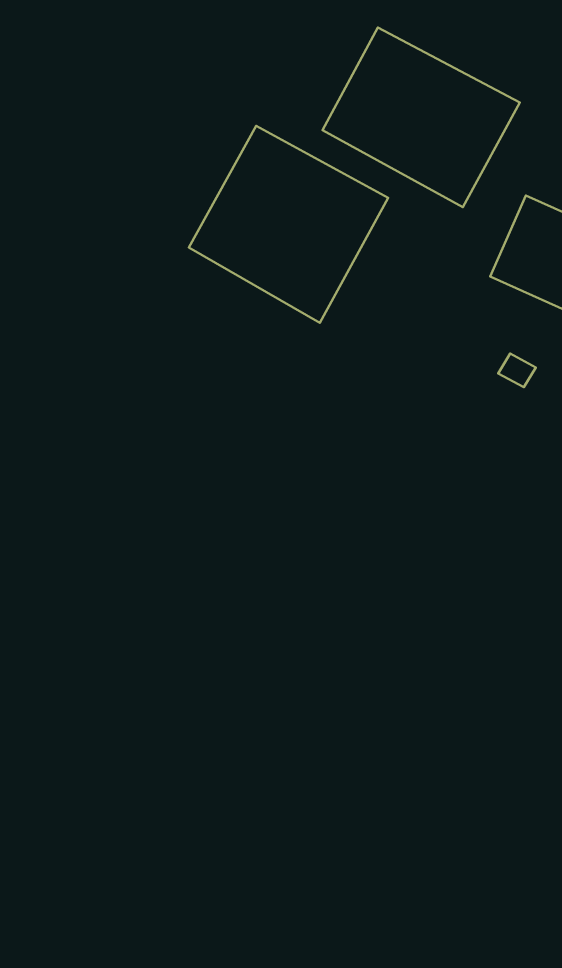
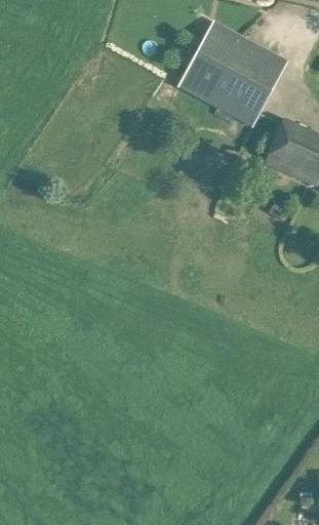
building: [189,126,388,323] -> none

